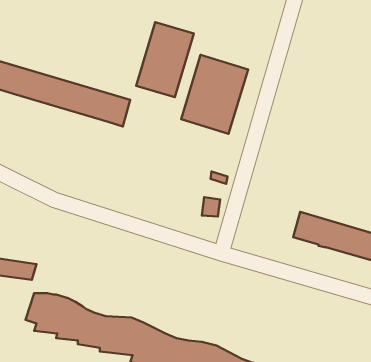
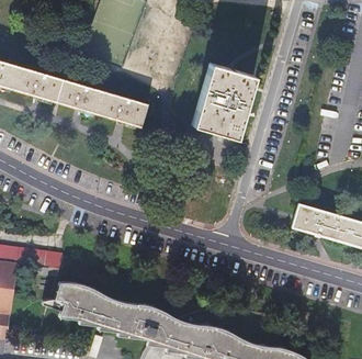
building: [136,22,194,97] -> none

